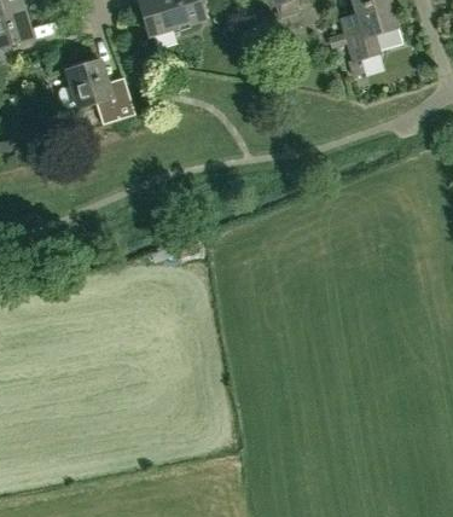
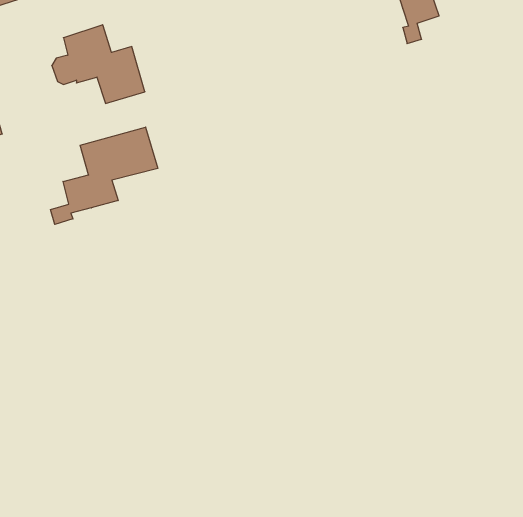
building: none -> [51,127,158,224]

